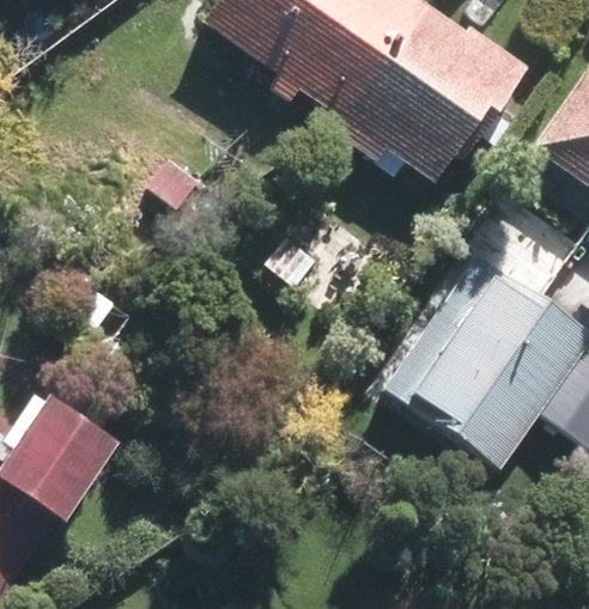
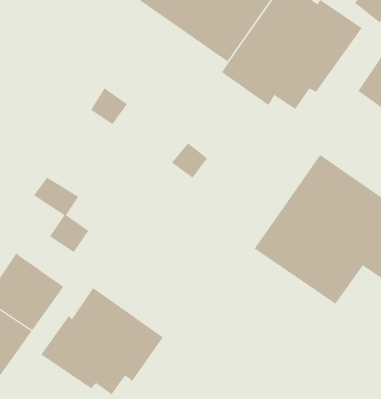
building: none -> [41,287,163,395]

